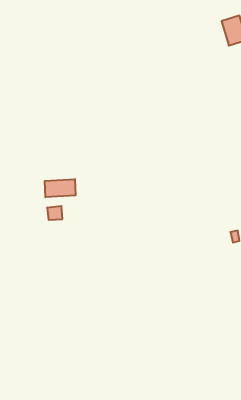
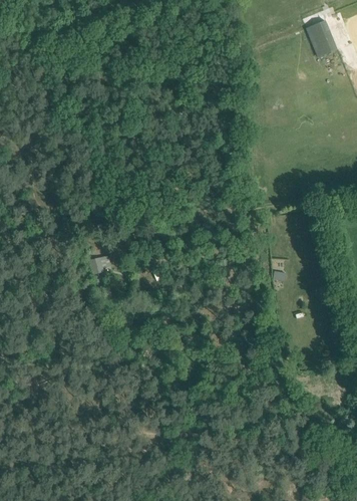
building: [45,179,76,197] -> none

